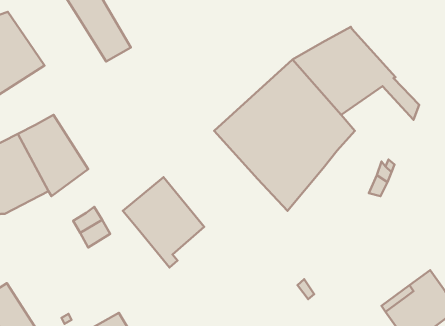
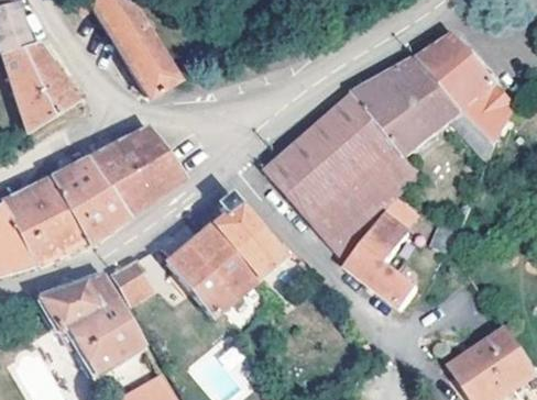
building: none -> [420,36,512,144]
building: none -> [89,126,184,215]
building: none -> [211,197,292,279]
building: none -> [346,214,419,309]
building: none -> [39,275,143,371]

